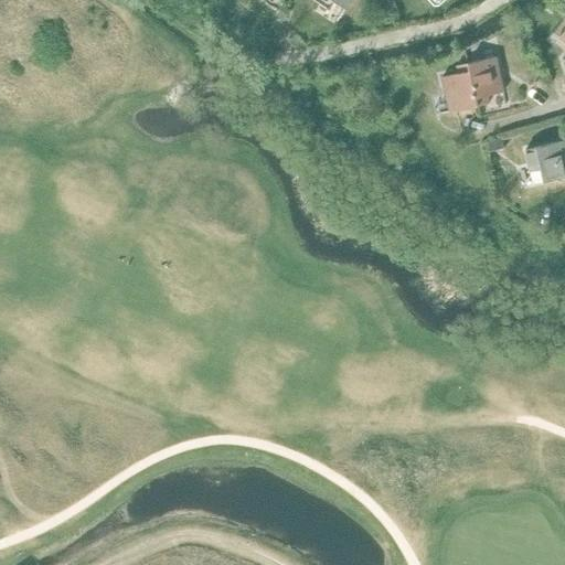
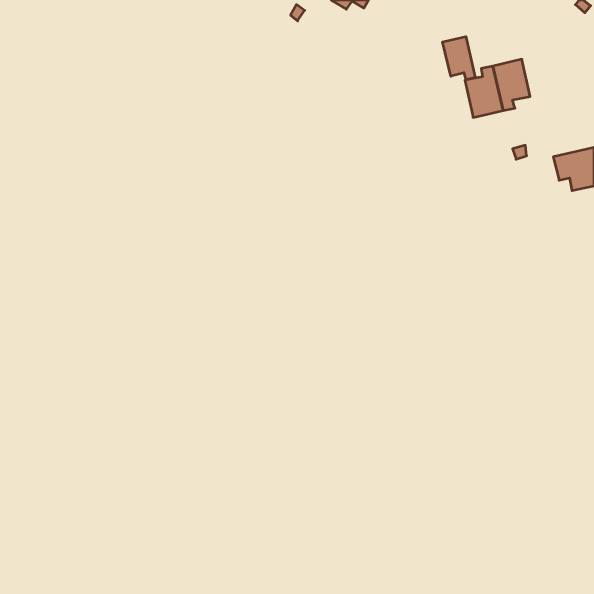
building: none -> [443,37,475,80]

